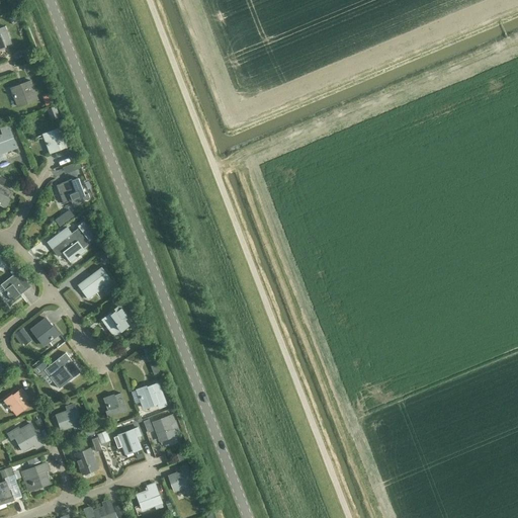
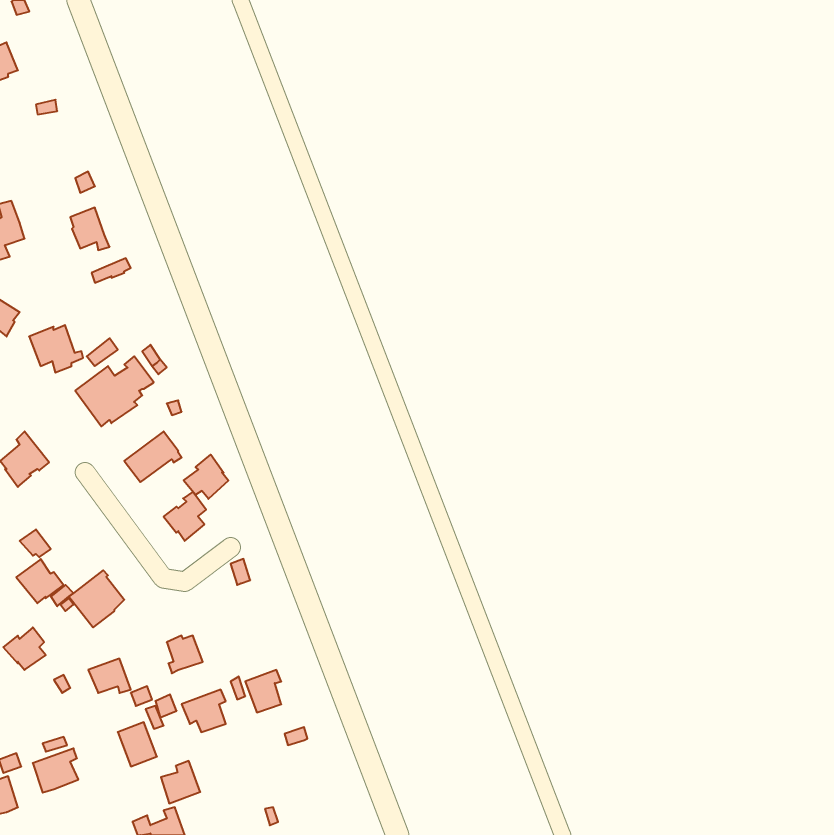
building: [10,81,37,106] -> none
building: [56,178,89,207] -> [29,325,83,373]
building: none -> [184,455,228,499]
building: [29,318,59,345] -> [16,559,64,603]
building: [136,385,165,408] -> none
building: [11,424,41,450] -> none
building: [168,464,194,494] -> none
building: [136,484,160,510] -> [161,761,200,803]

